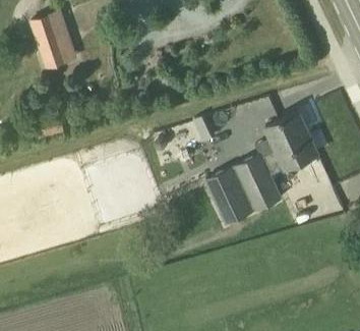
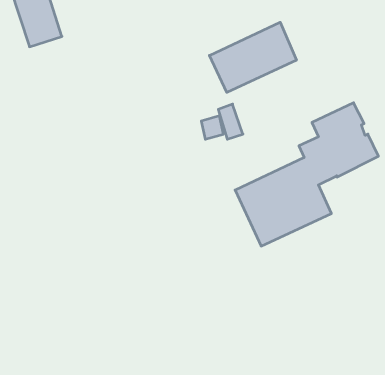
building: none -> [209,22,296,92]

